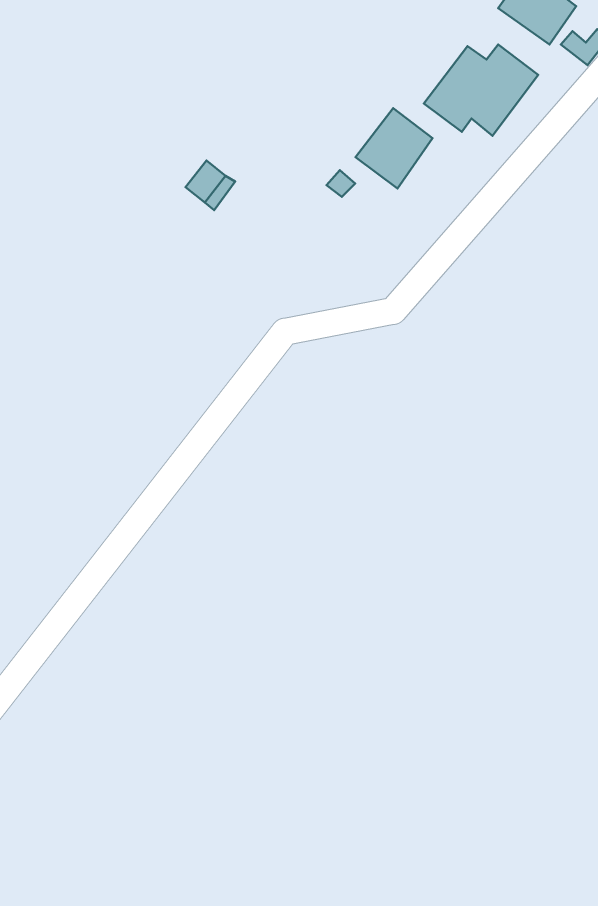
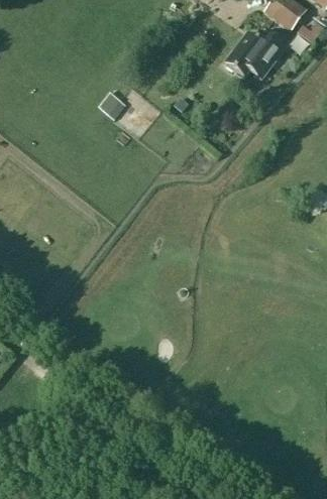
building: [356,108,432,188] -> none

